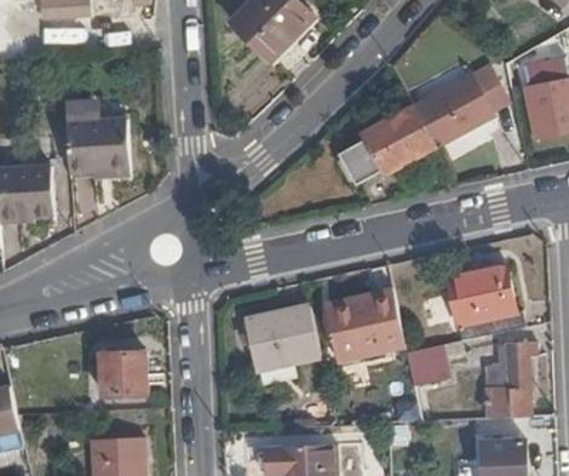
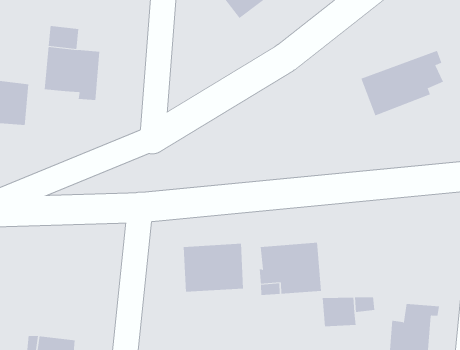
building: [337,107,435,187] -> none
building: [447,262,525,340] -> none
building: [100,352,148,396] -> none

